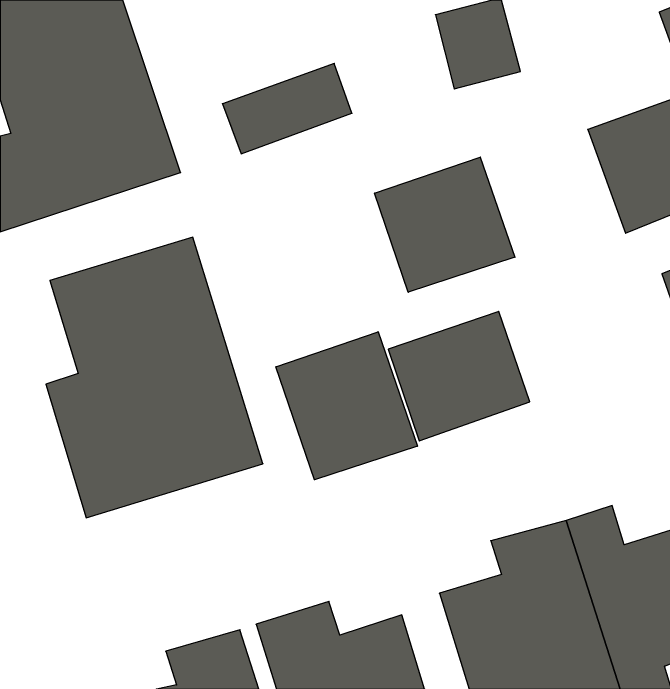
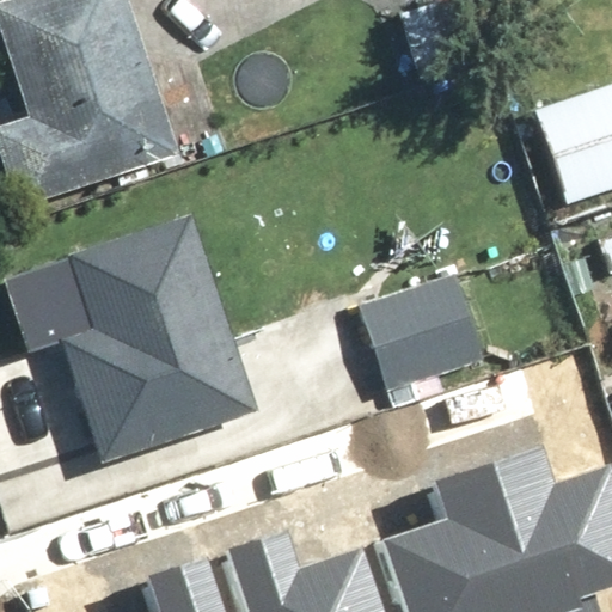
building: [375,157,515,292] -> none
building: [276,332,417,480] -> none

